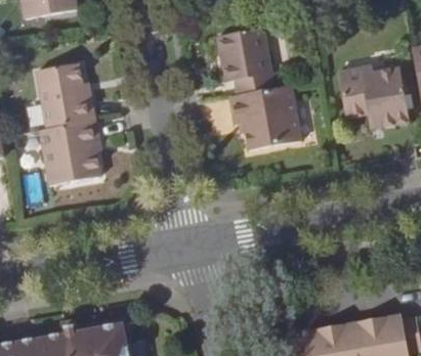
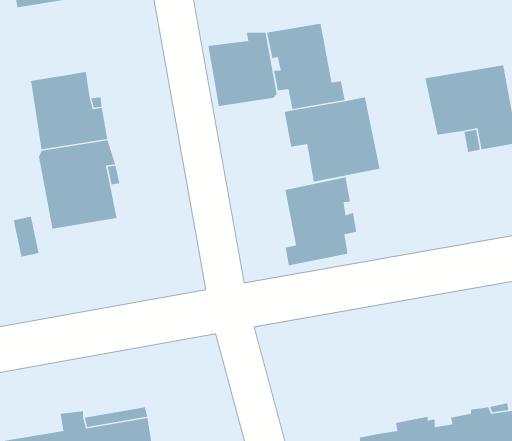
building: none -> [207,32,277,107]
building: none -> [284,177,357,266]

